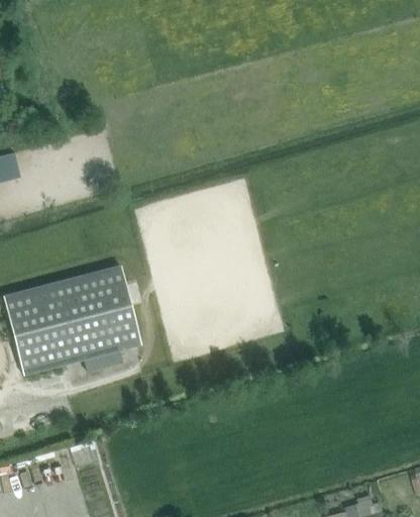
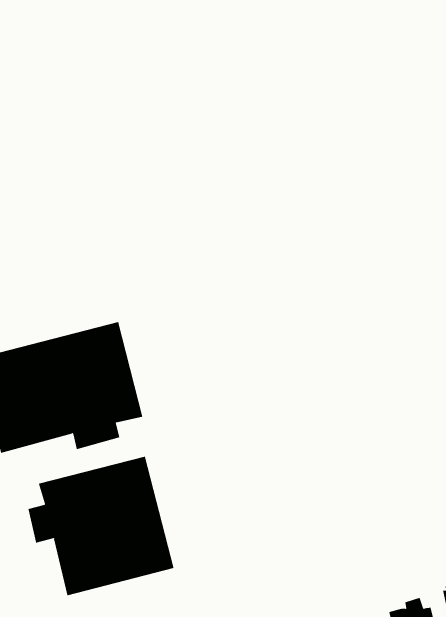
building: none -> [28,456,174,596]

